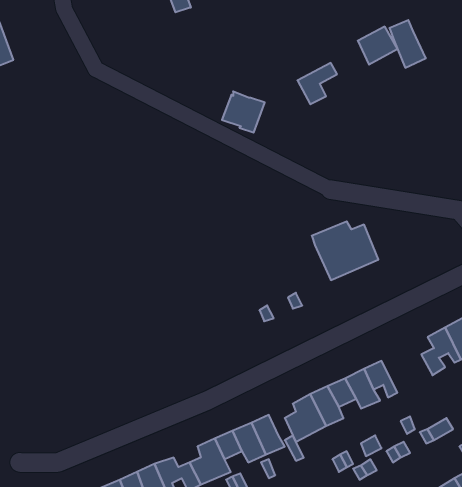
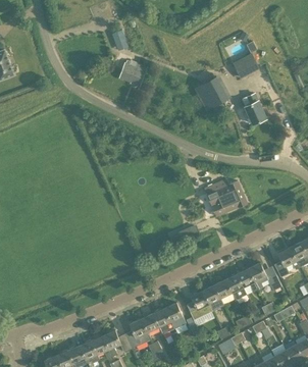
building: [389,20,426,68] -> [242,94,265,124]
building: [222,91,265,133] -> [118,60,146,87]
building: none -> [248,263,281,292]

